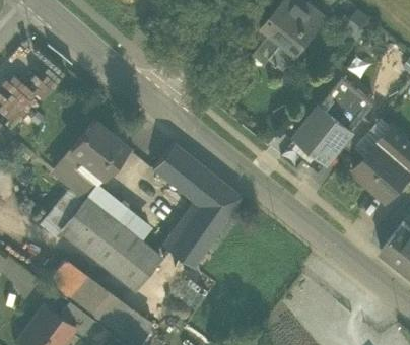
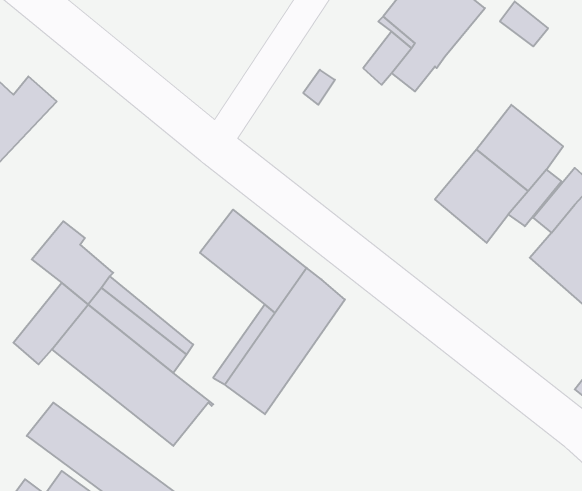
building: [70,121,128,182] -> none

